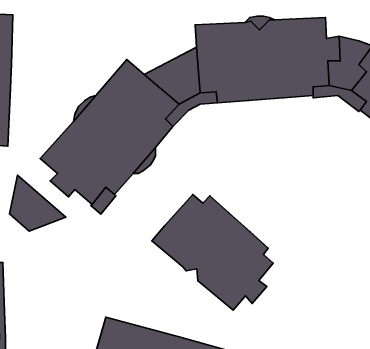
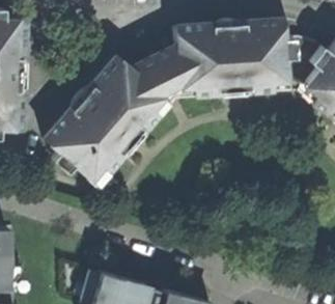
building: [10,175,66,231] -> none
building: [152,194,273,310] -> none

